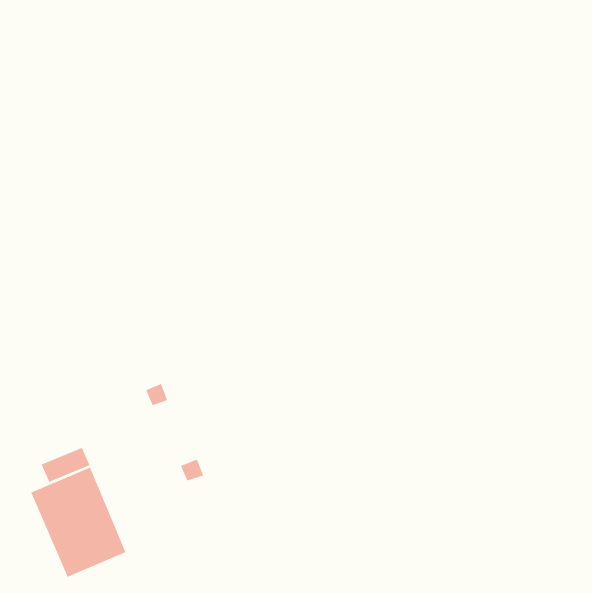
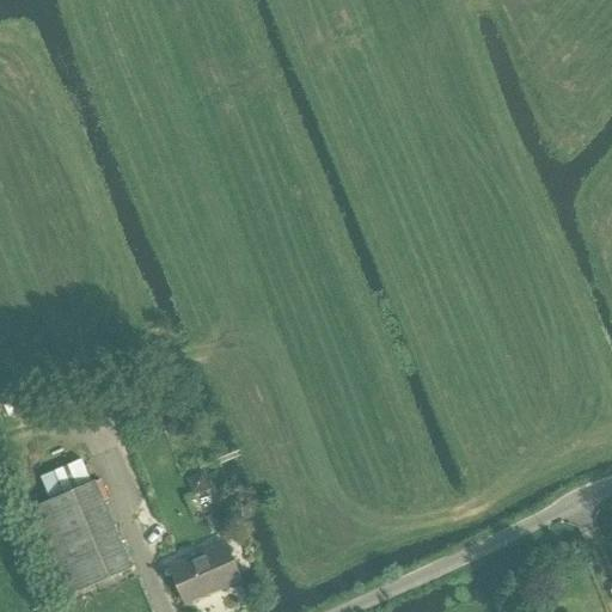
building: none -> [170,544,240,602]

